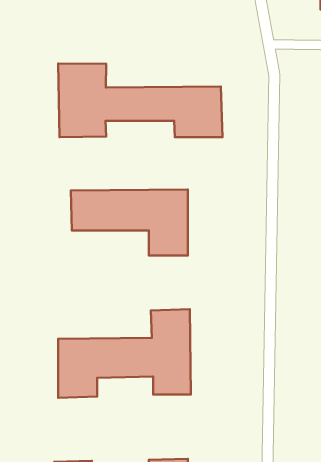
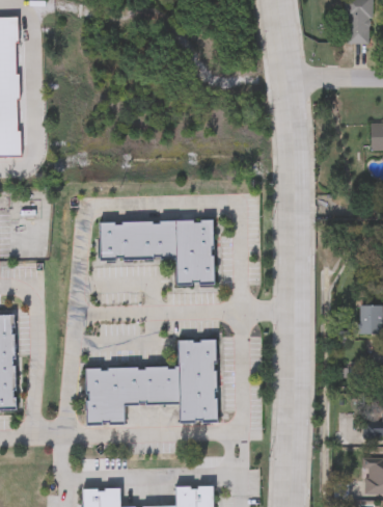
building: [58,64,223,137] -> none

